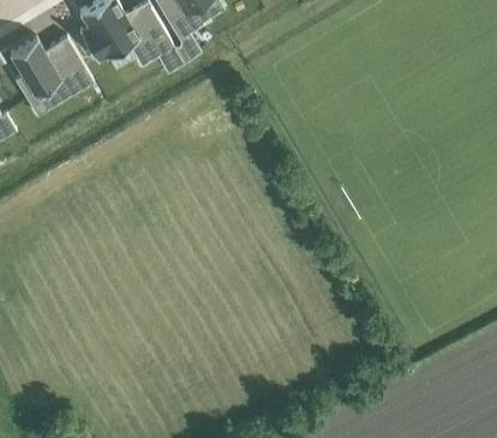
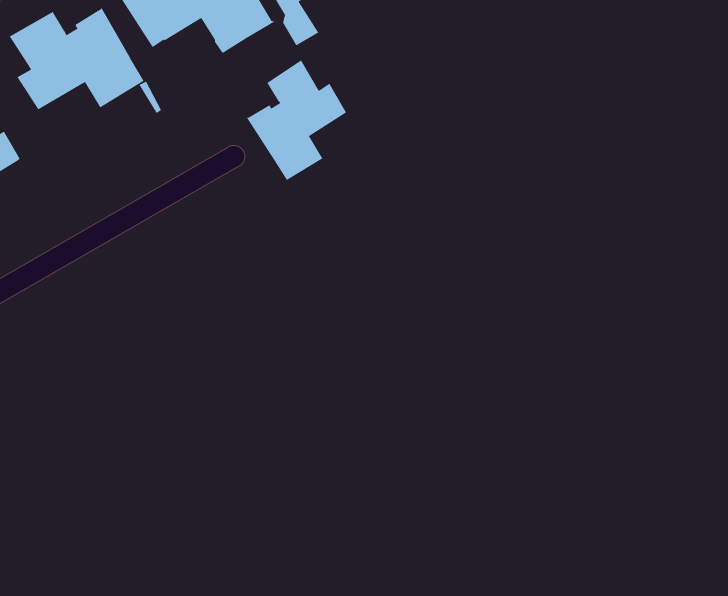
building: none -> [246,60,347,181]

